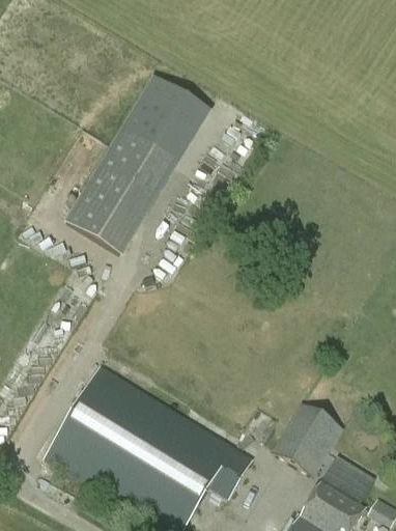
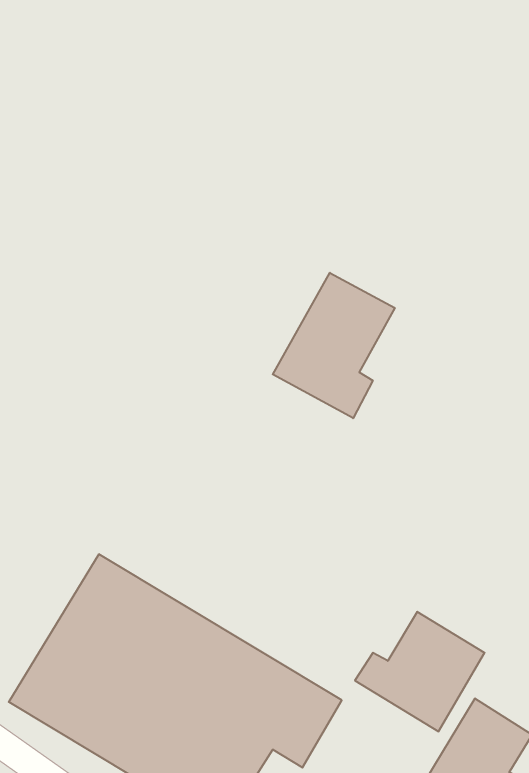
building: [66,72,208,255] -> none
building: none -> [273,273,395,418]

